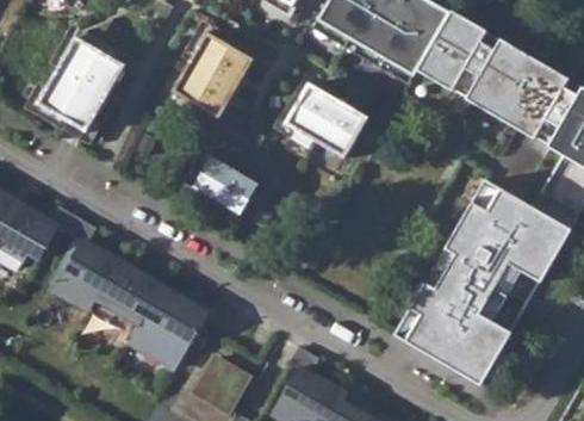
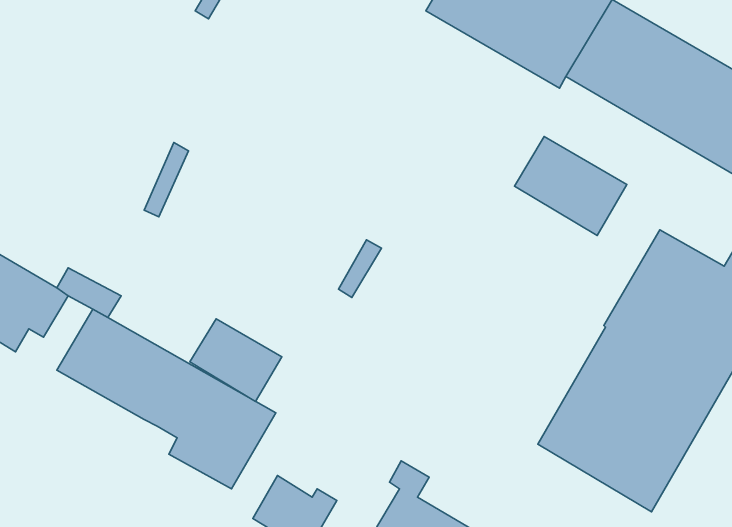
building: [170,32,254,120] -> none
building: [36,37,124,132] -> none
building: [284,88,365,160] -> [515,137,627,236]
building: [192,157,259,217] -> [190,319,282,401]

